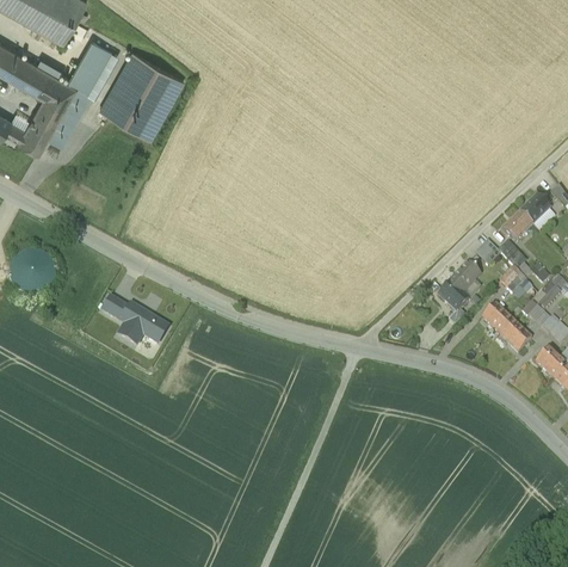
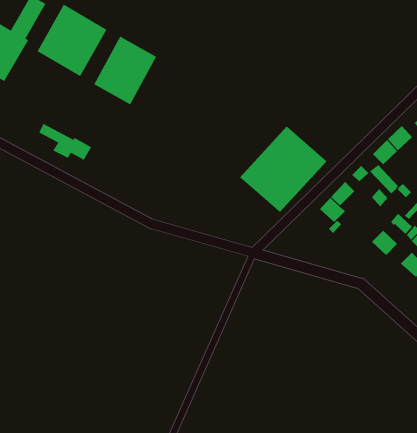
building: none -> [93,35,157,105]
building: none -> [239,126,327,213]
building: [101,301,166,346] -> [38,123,92,161]
building: [480,304,513,337] -> none

